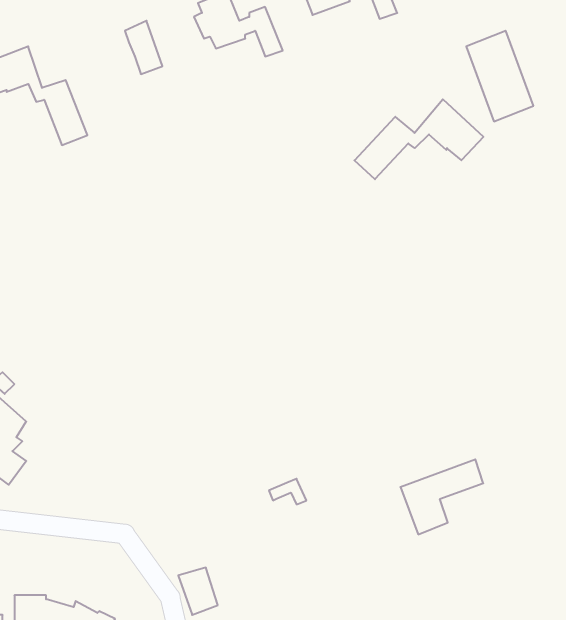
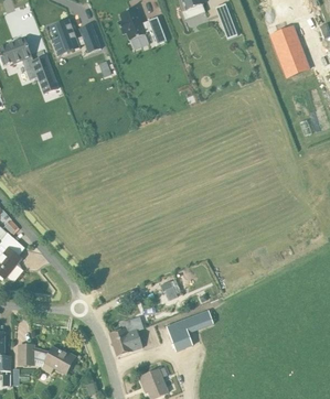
building: none -> [50,20,78,54]
building: [354,99,483,179] -> none
building: [400,459,483,534] -> [167,310,213,352]

